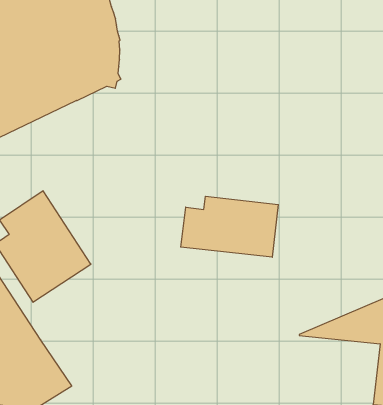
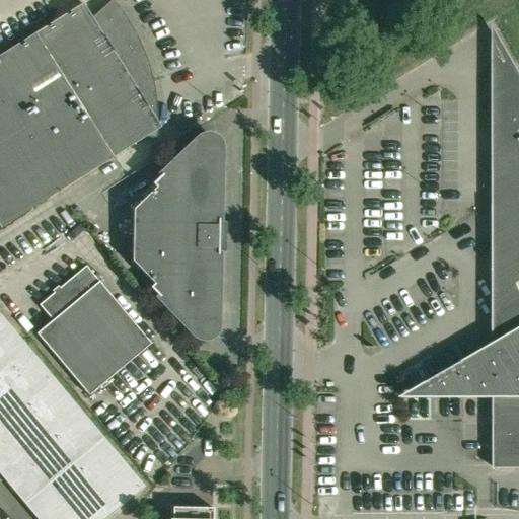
building: none -> [132,135,222,338]
building: [181,196,278,257] -> none

